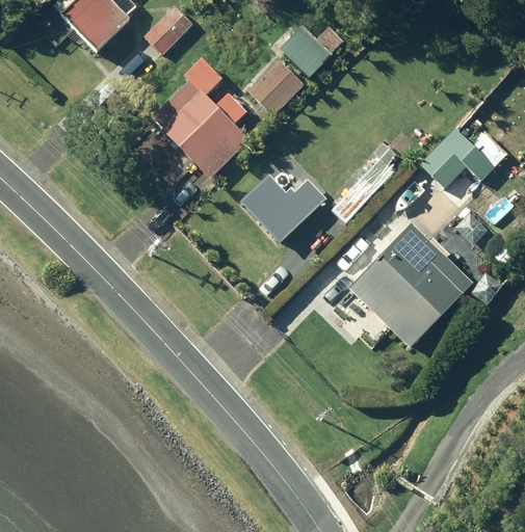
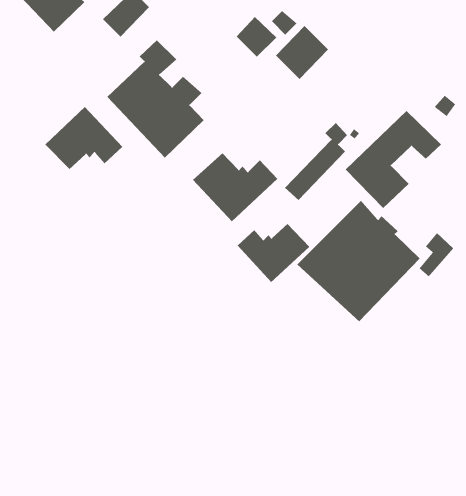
building: [250,58,305,114] -> [275,25,329,80]
building: none -> [44,106,123,170]
building: none -> [237,223,310,283]

